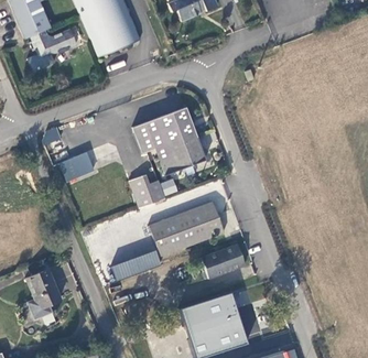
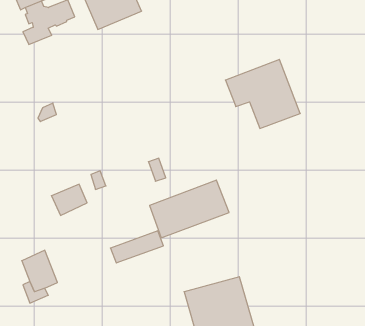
building: [133,107,205,173] -> [225,59,300,128]
building: [59,151,94,181] -> [51,184,87,215]
building: [128,174,154,207] -> none
building: [201,243,246,279] -> none

